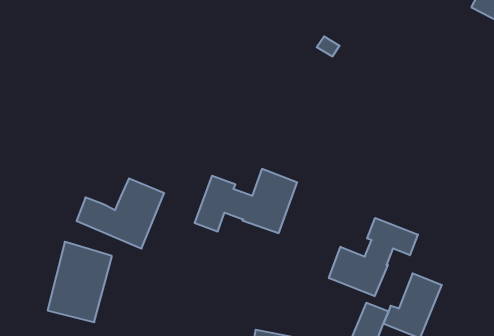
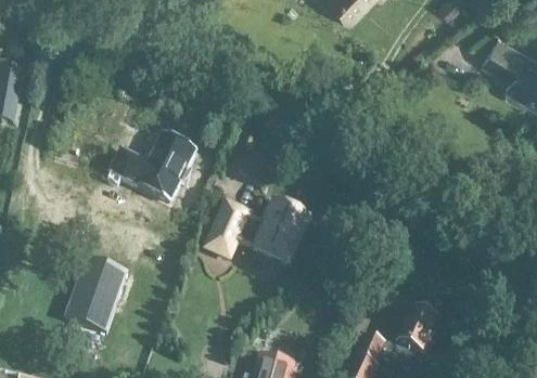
building: [77,178,164,249] -> [110,134,194,201]
building: [329,218,418,296] -> none

